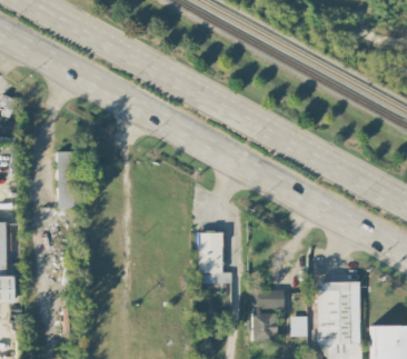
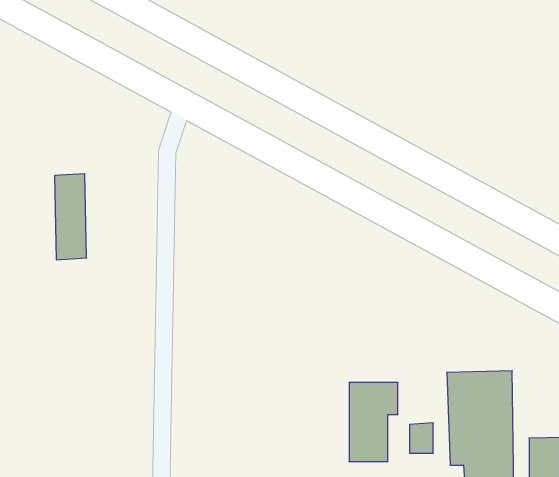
building: [197,232,232,283] -> none

